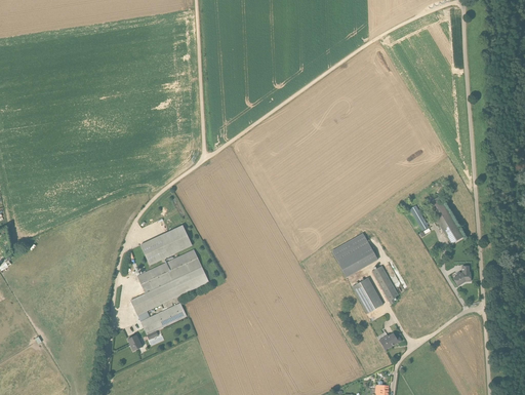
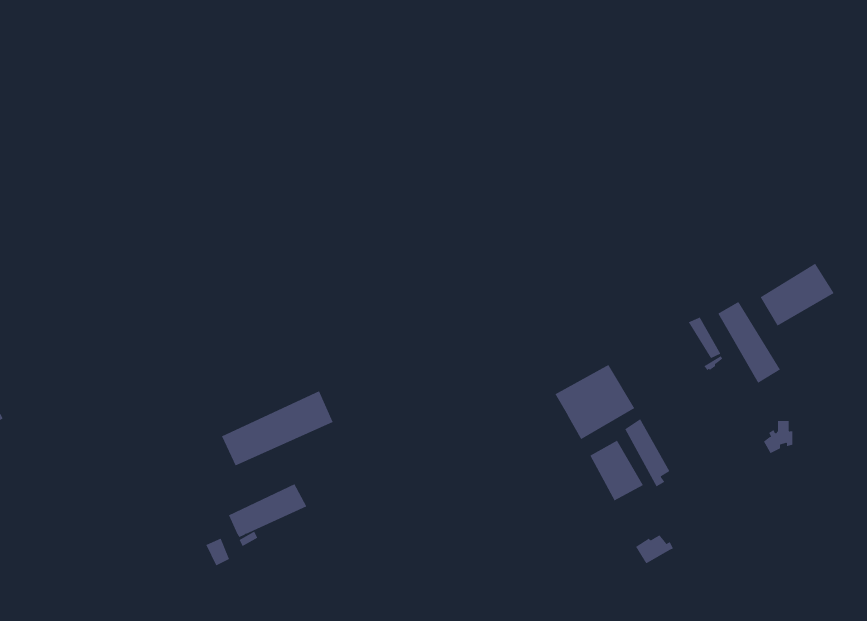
building: none -> [760,263,834,327]
building: [139,225,192,265] -> none
building: [130,267,208,321] -> none

